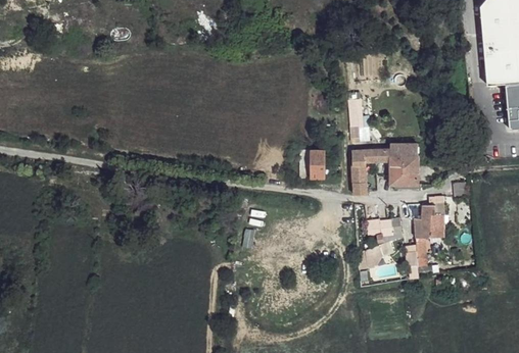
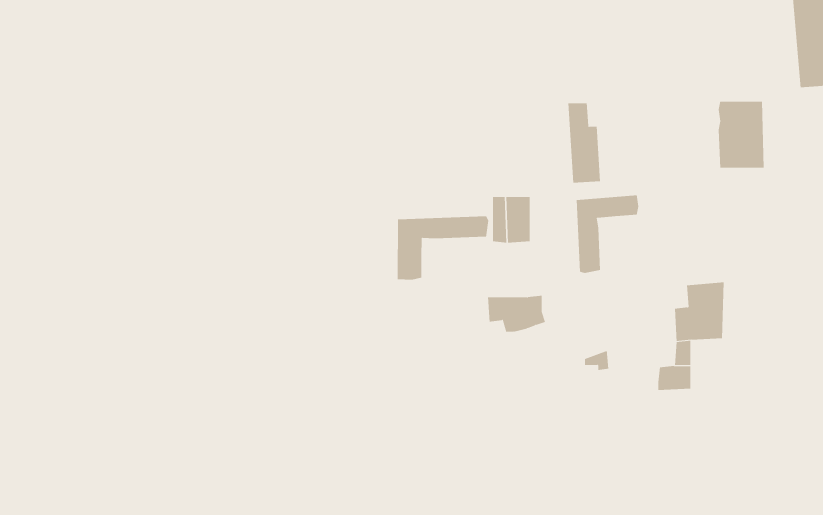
building: [390,144,419,185] -> [718,101,765,168]
building: none -> [397,216,489,281]
building: [367,219,403,242] -> [487,295,546,332]

